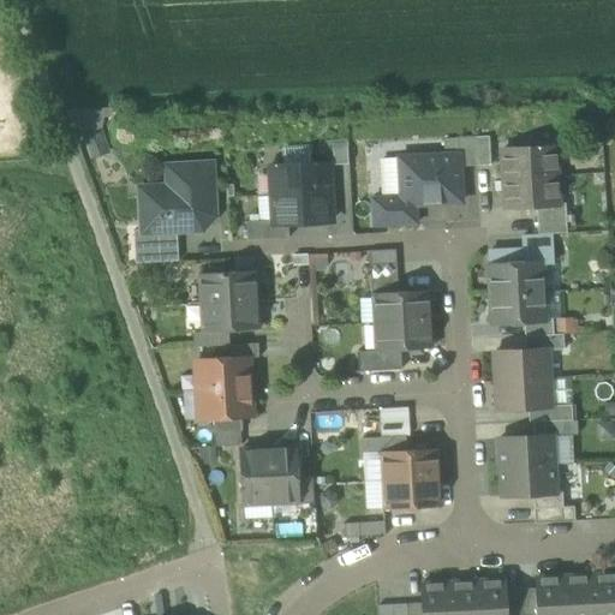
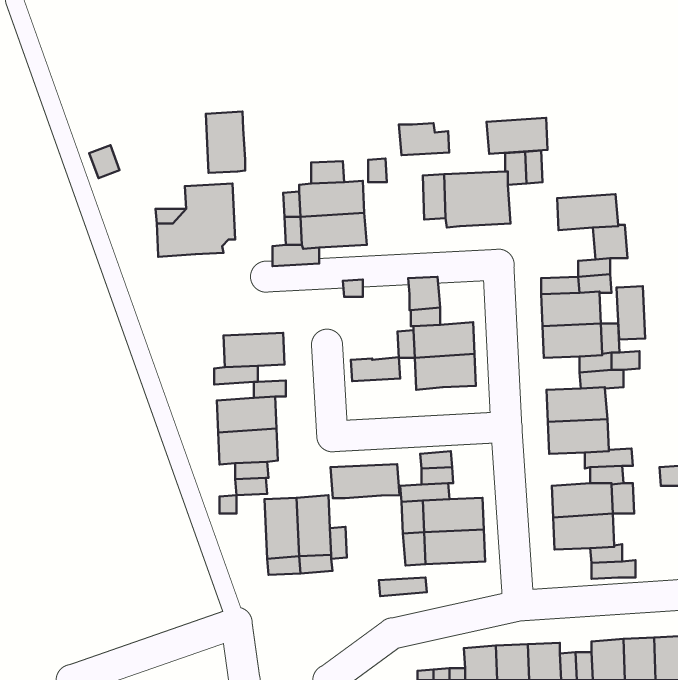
building: none -> [206,112,245,173]
building: [502,147,557,179] -> [486,118,548,154]
building: [372,197,418,226] -> [399,123,449,155]
building: [135,229,179,263] -> none
building: none -> [617,286,645,340]
building: [202,271,257,303] -> none
building: [358,350,402,371] -> [351,357,400,381]
building: none -> [330,464,400,498]

